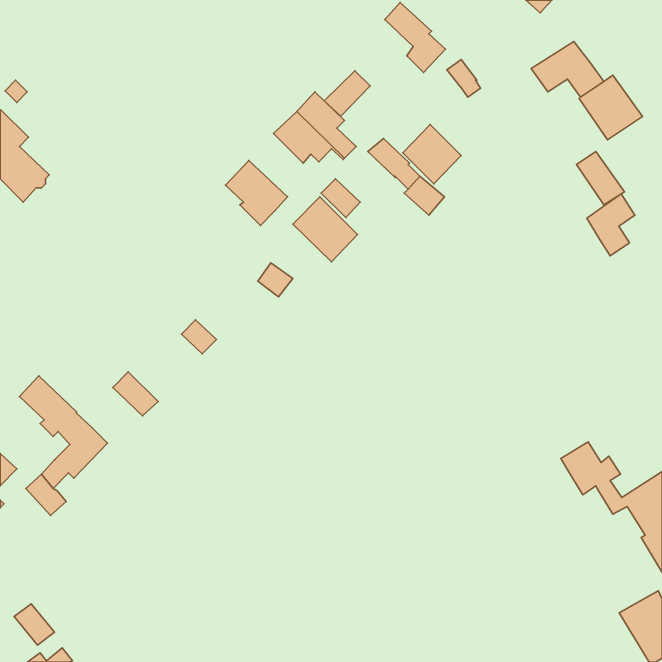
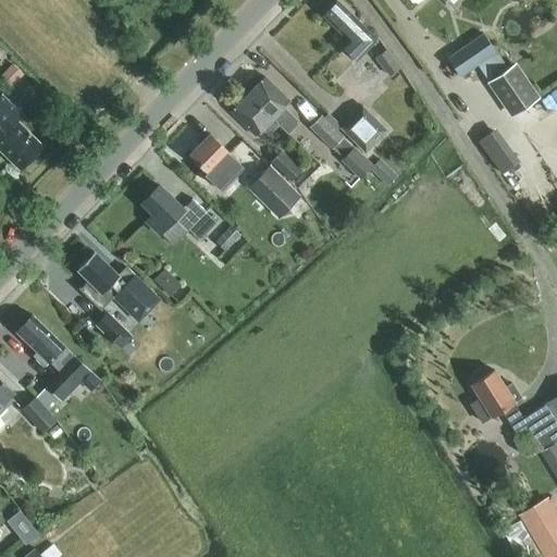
building: [324,71,370,116] -> none
building: [587,194,635,256] -> none
building: none -> [141,186,216,240]
building: none -> [77,252,160,321]

